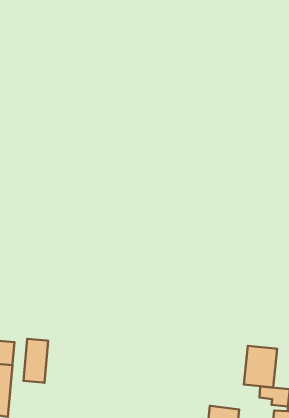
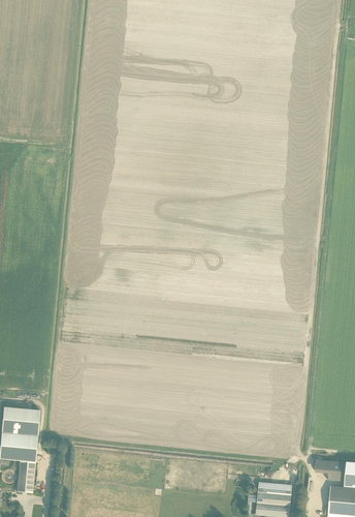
building: [23,339,48,383] -> none
building: [244,346,277,388] -> none

